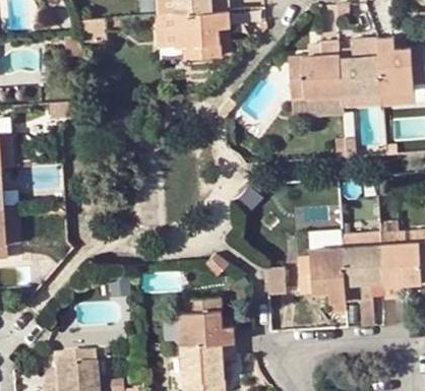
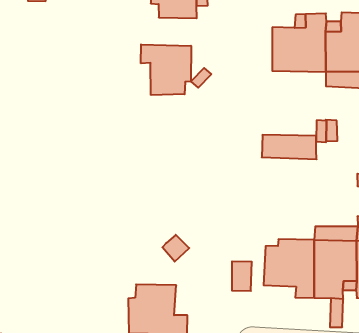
building: none -> [141,44,191,95]
building: [292,94,343,118] -> [262,135,317,159]

